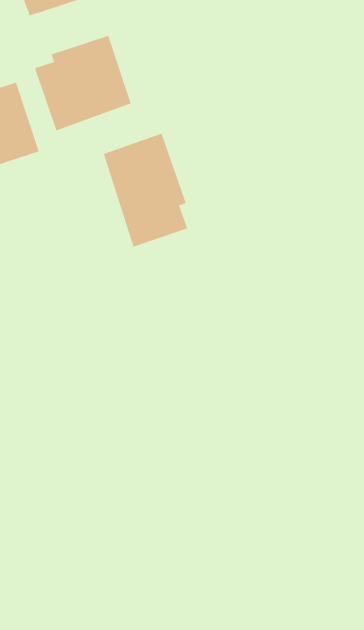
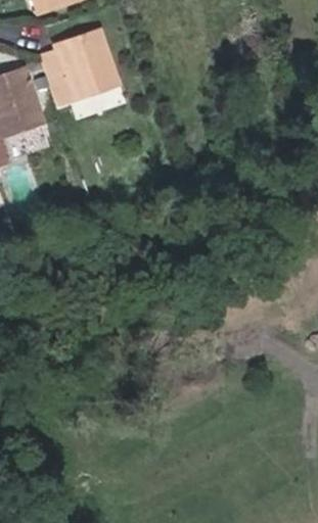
building: [103,133,188,247] -> none

